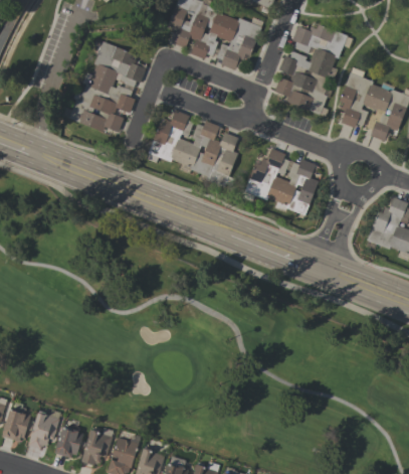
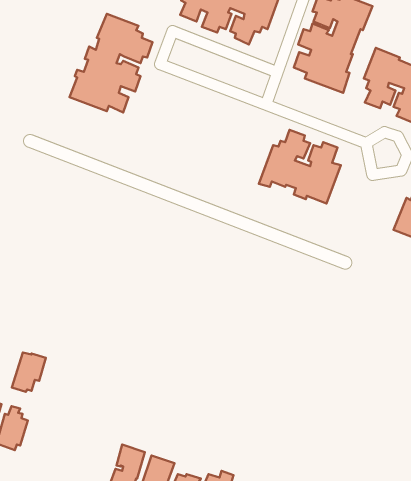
building: [148,110,239,186] -> none
building: [28,413,59,449] -> [12,352,46,392]
building: [54,426,83,458] -> none
building: [81,429,113,466] -> none

